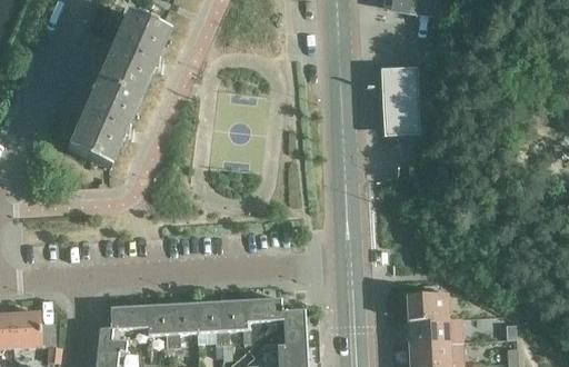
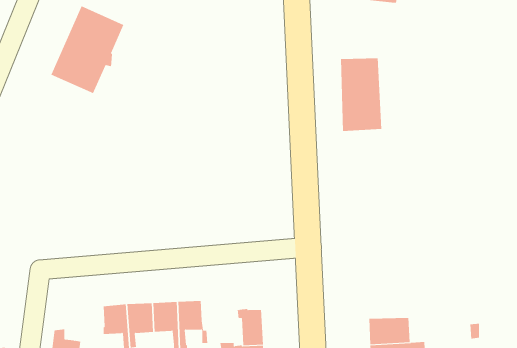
building: [67,80,139,167] -> none
building: [407,282,448,319] -> none
building: [244,299,281,321] -> none
building: [110,307,149,340] -> none

